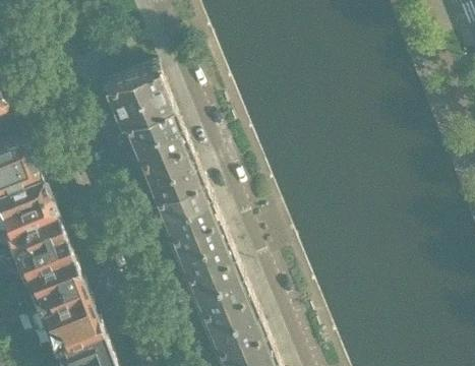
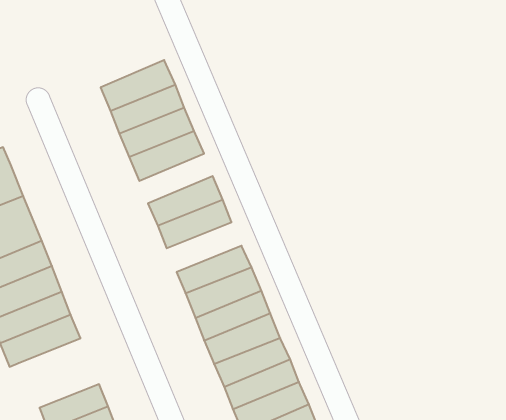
building: [135,146,195,187] -> none
building: [158,202,219,243] -> none
building: [37,297,103,355] -> none

